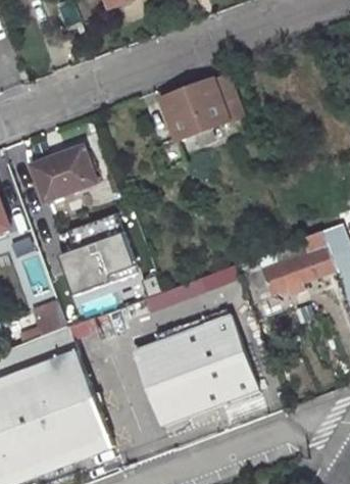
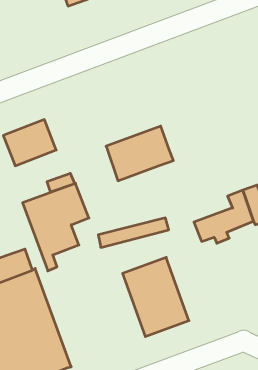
building: [161,76,243,142] -> [106,126,173,181]
building: [133,334,203,427] -> none

